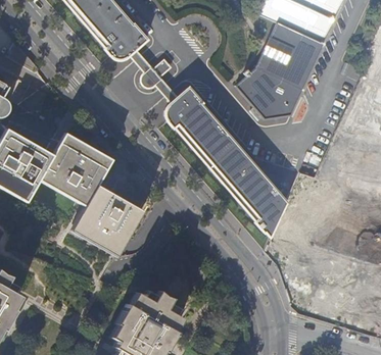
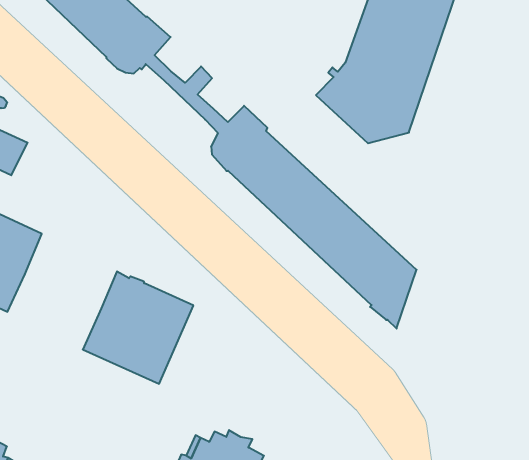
building: [41,133,113,206] -> none

